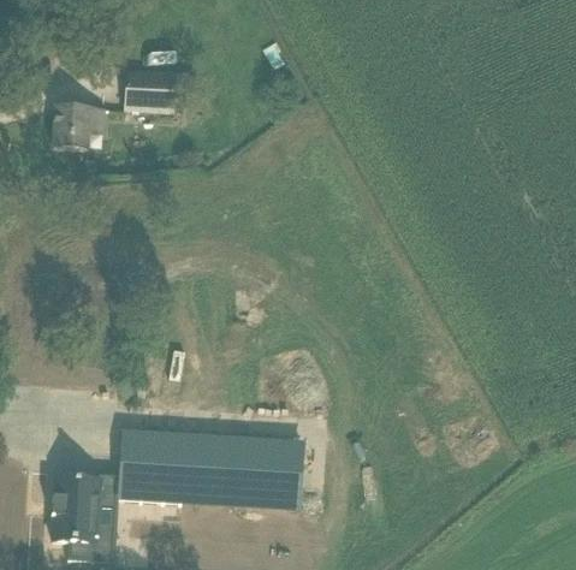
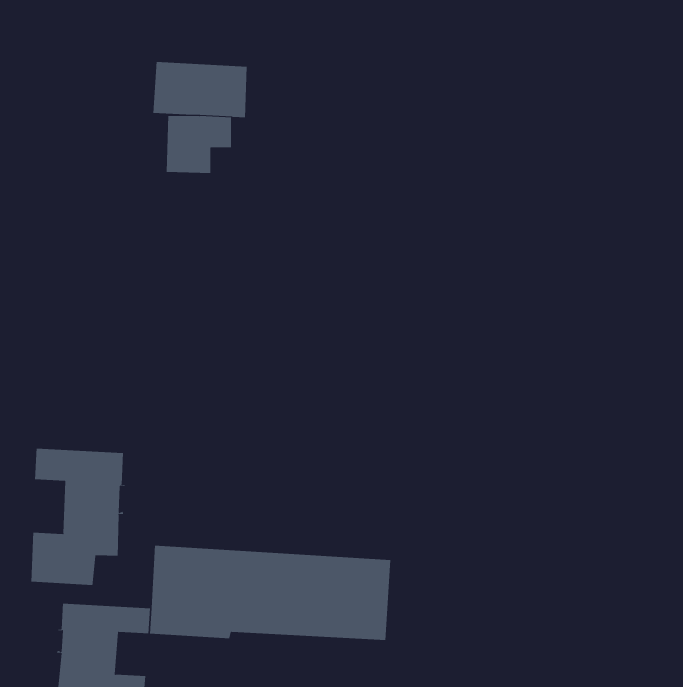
building: [53,105,102,148] -> [166,116,232,174]
building: none -> [31,448,125,586]

